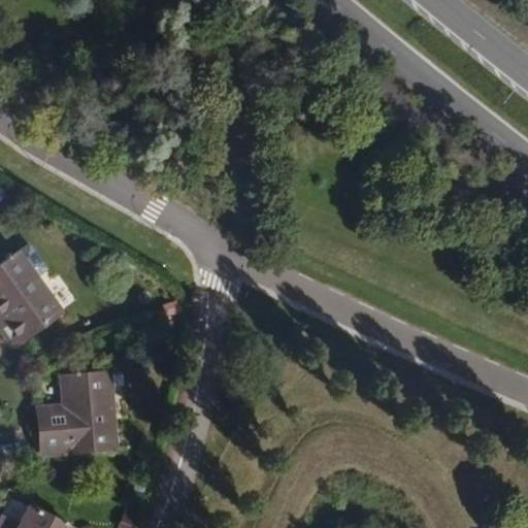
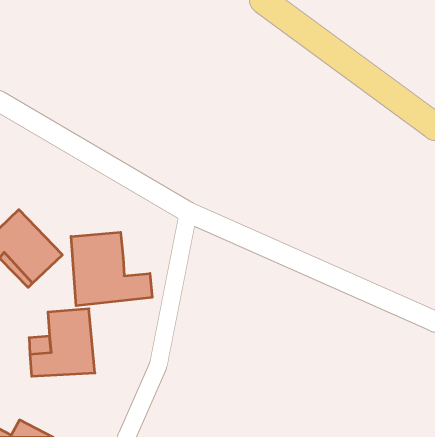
building: none -> [71,232,152,306]

